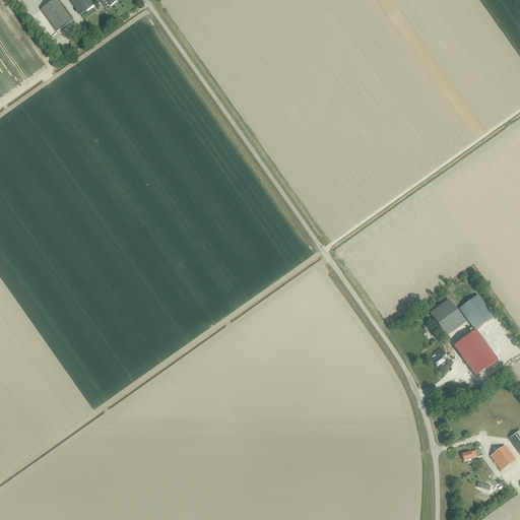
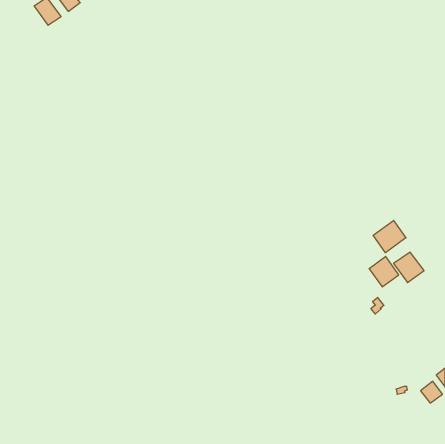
building: none -> [373,220,406,253]
building: [460,339,497,375] -> none

